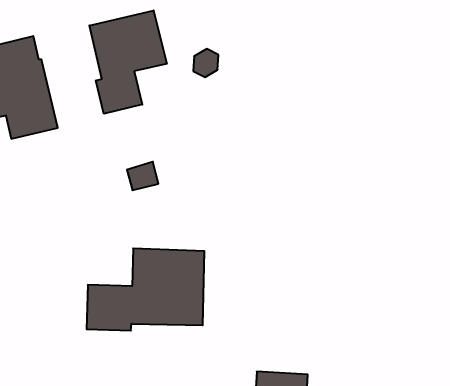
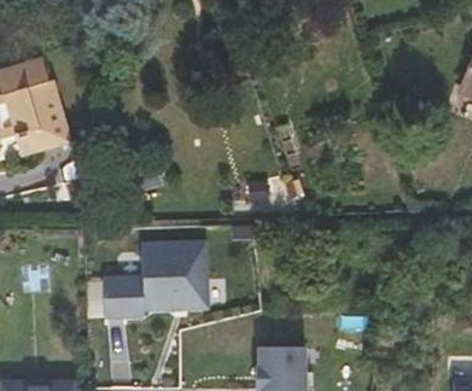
building: [89,10,167,114] -> none

